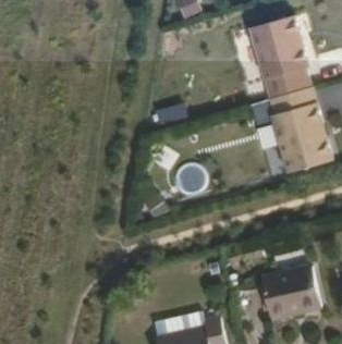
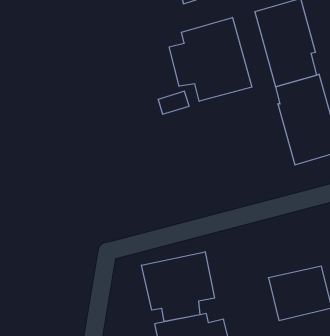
building: none -> [169,17,252,101]
building: none -> [142,252,215,322]

